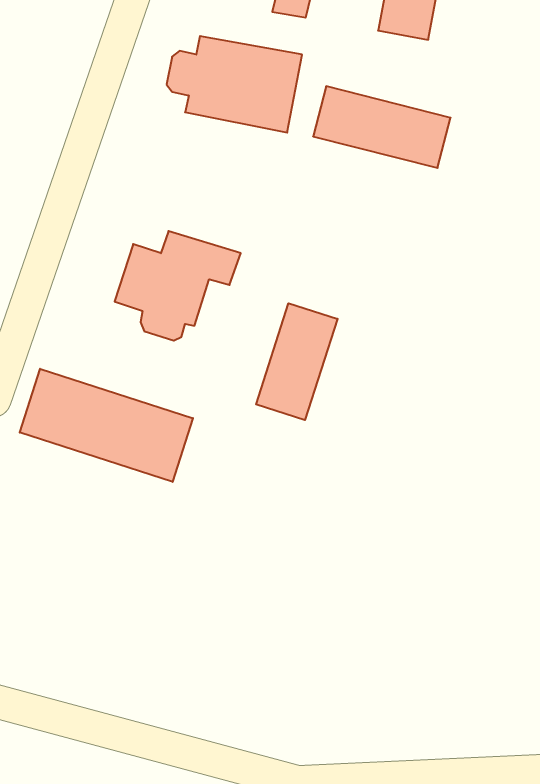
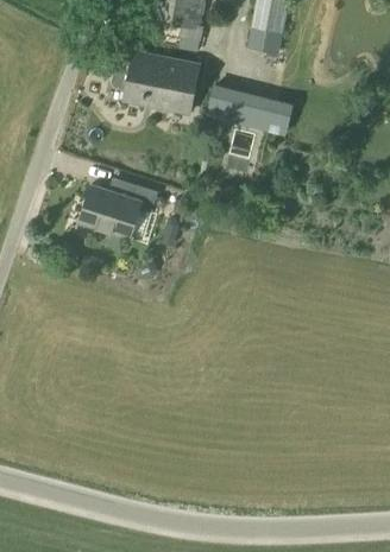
building: [256,303,338,420] -> none
building: [20,369,193,482] -> none

